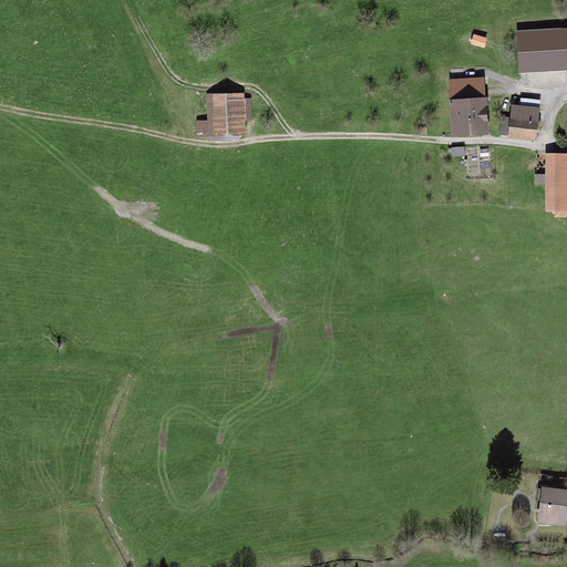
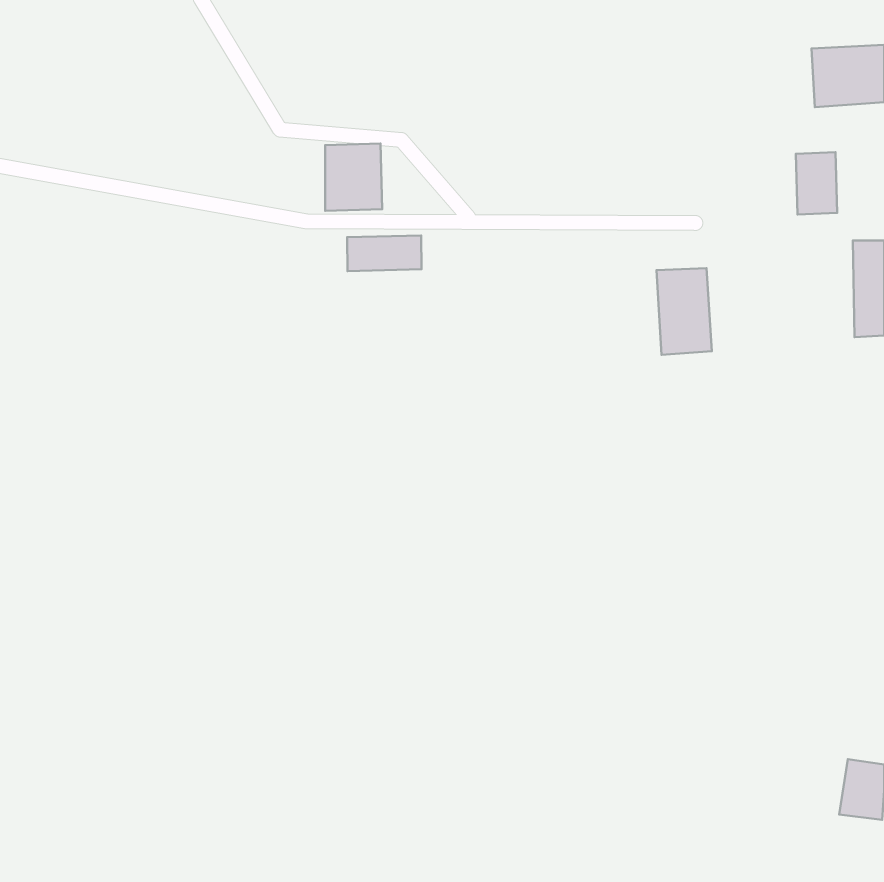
building: [451,78,486,133] -> [656,268,712,355]
building: none -> [347,235,421,271]

